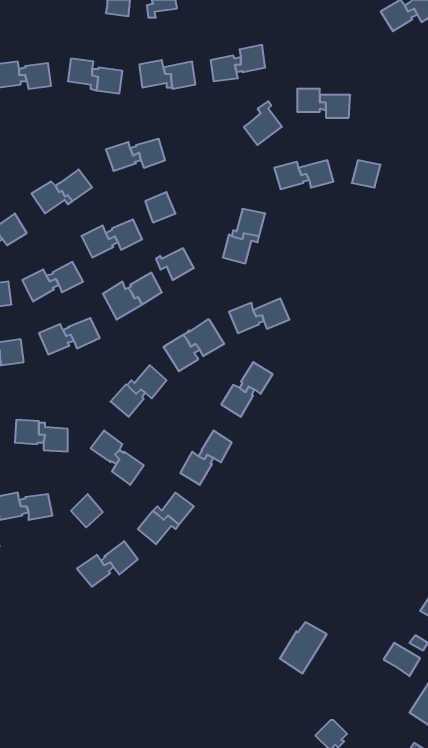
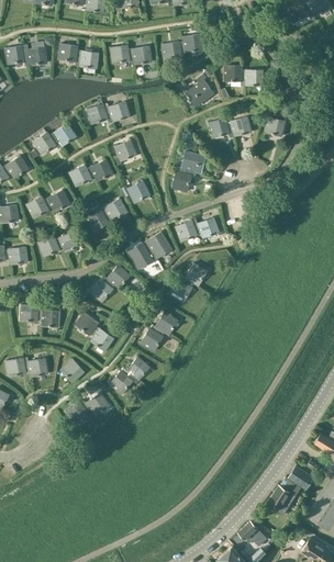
building: [280,622,327,674] -> [266,477,300,515]

